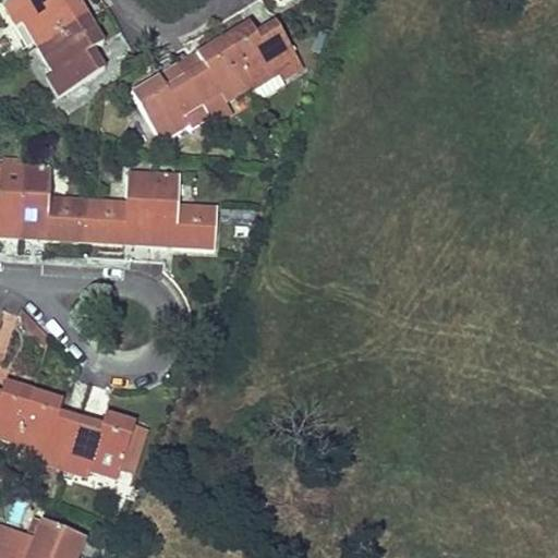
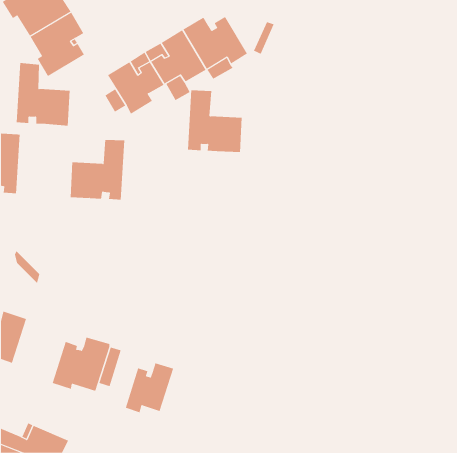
building: [21,163,87,241] -> [16,63,70,126]
building: [148,171,216,247] -> [187,90,242,152]
building: [14,389,80,468] -> none
building: none -> [125,362,174,413]

